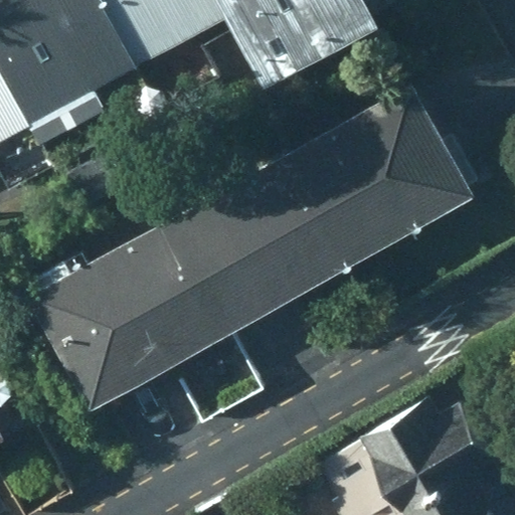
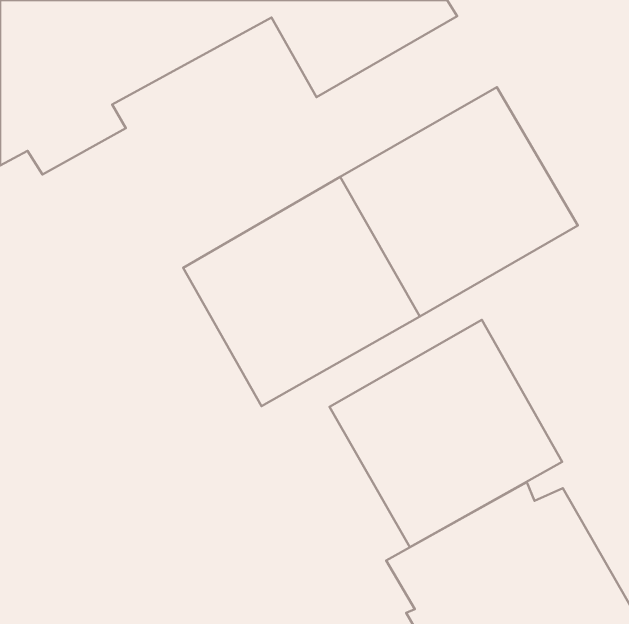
building: [27,226,217,411] -> none
building: none -> [330,320,562,547]

